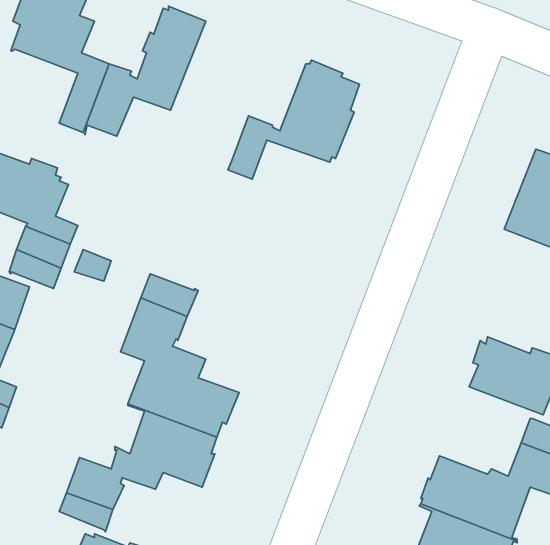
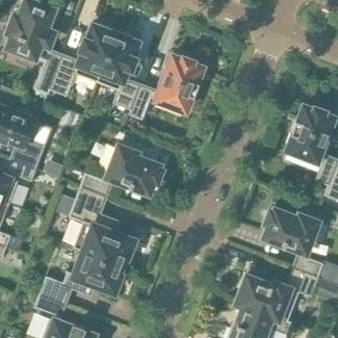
building: none -> [97,31,140,109]
building: none -> [107,145,161,192]

